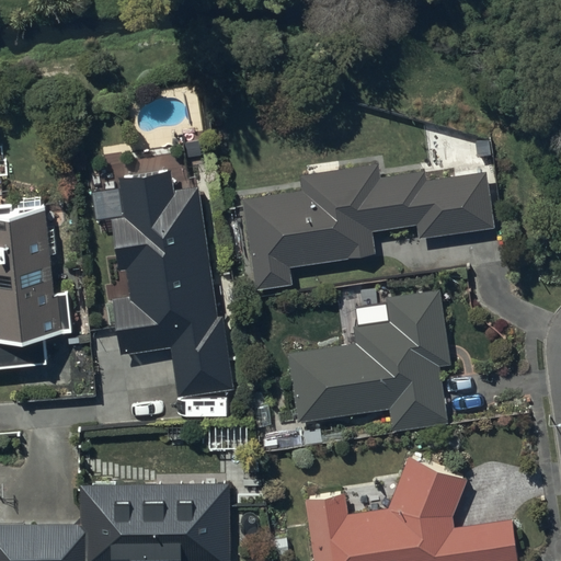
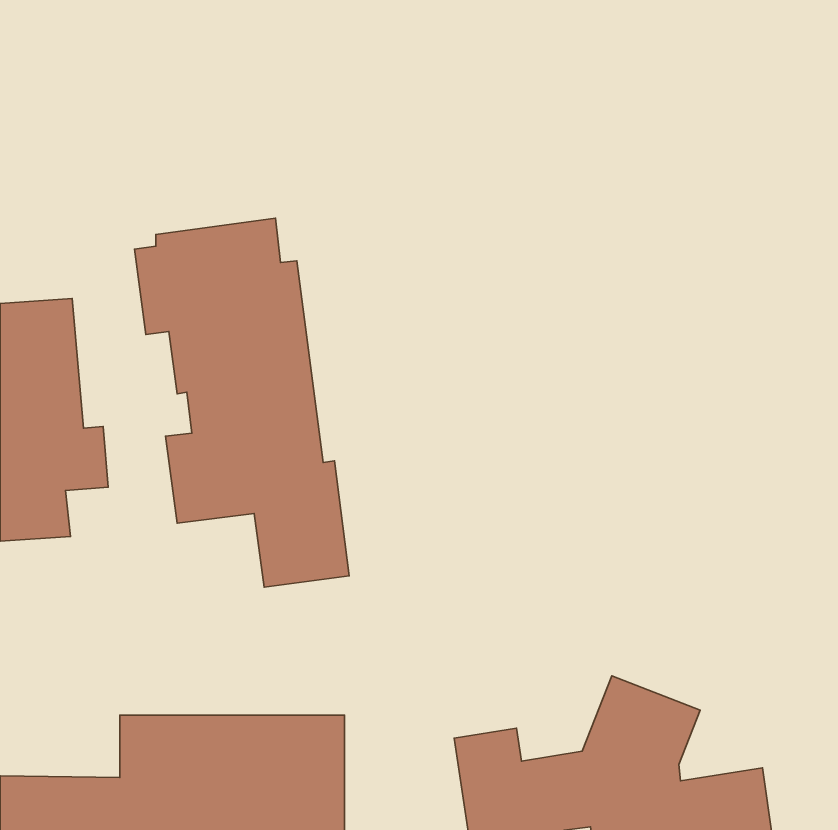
building: [242,164,493,291] -> none
building: [287,290,450,432] -> none

